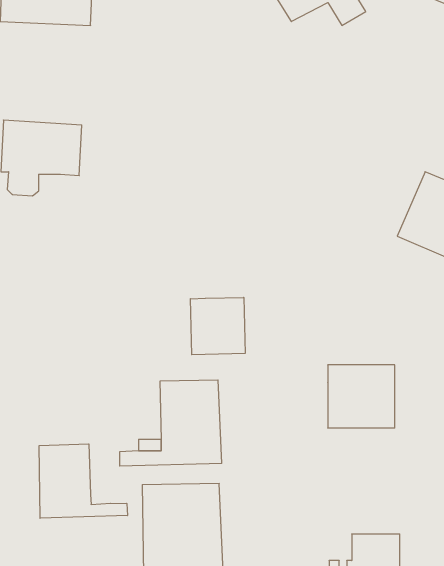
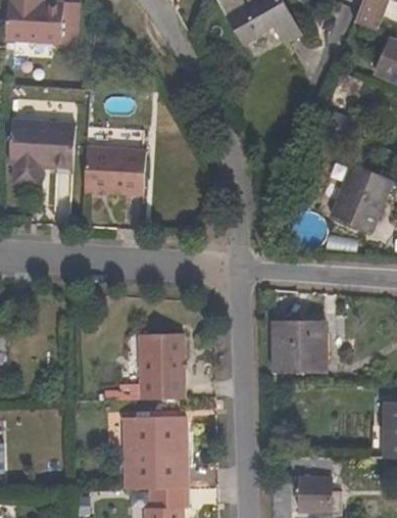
building: none -> [85,147,146,194]
building: [190,297,245,355] -> none
building: [39,444,127,518] -> none

